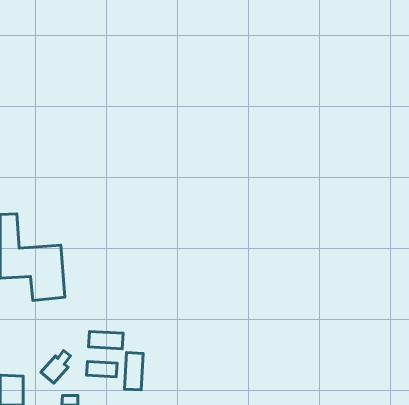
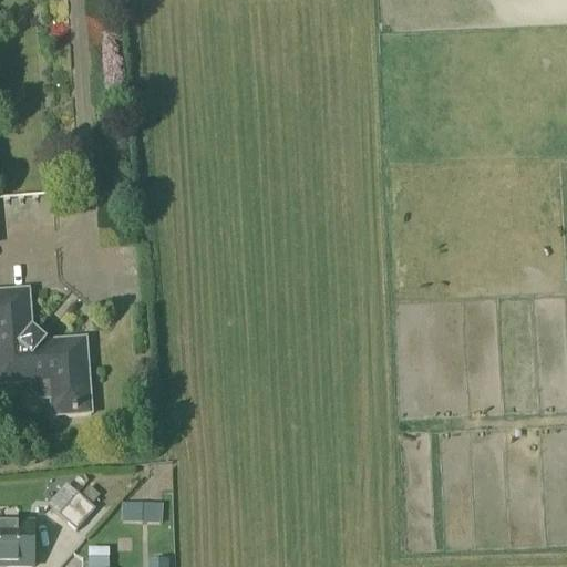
building: [89,331,123,349] -> none
building: [125,353,143,390] -> none

